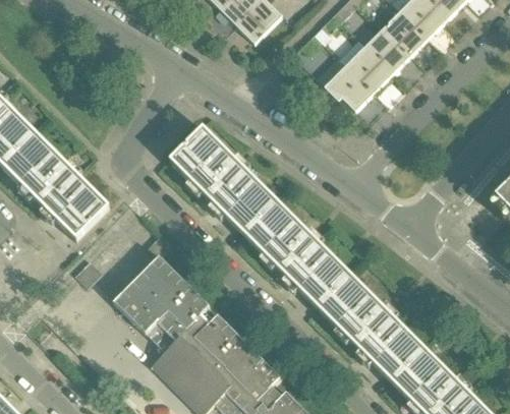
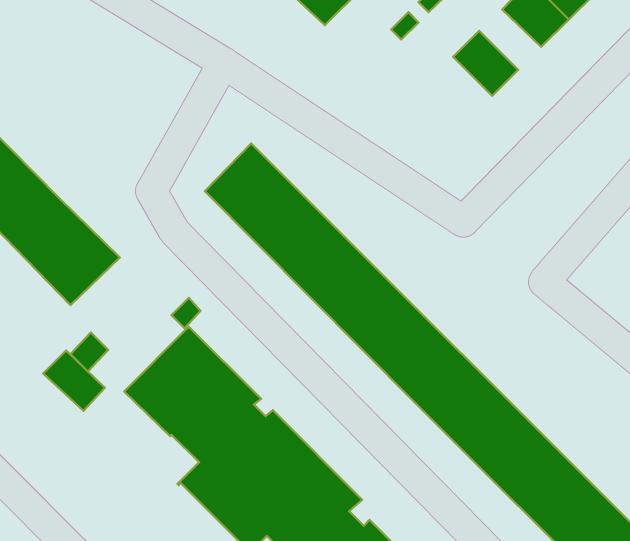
building: [363,31,407,73] -> none
building: [324,64,373,110] -> none
building: none -> [43,350,105,411]

